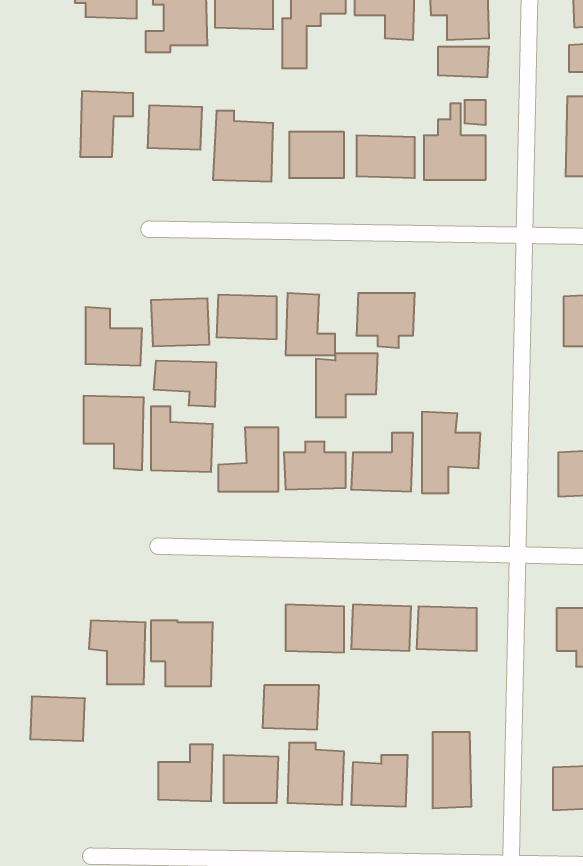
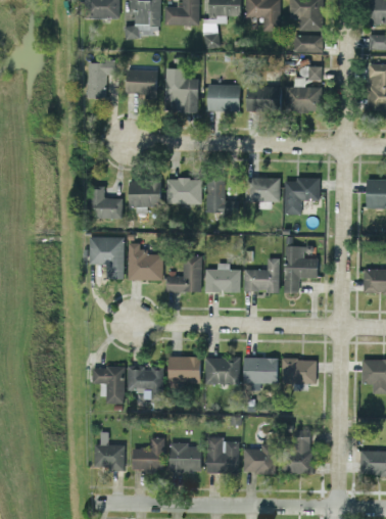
building: [316,353,378,417] -> [284,178,320,215]
building: [154,361,216,407] -> none
building: [262,685,319,729] -> [167,357,200,382]
building: [30,697,85,741] -> [93,444,125,470]

